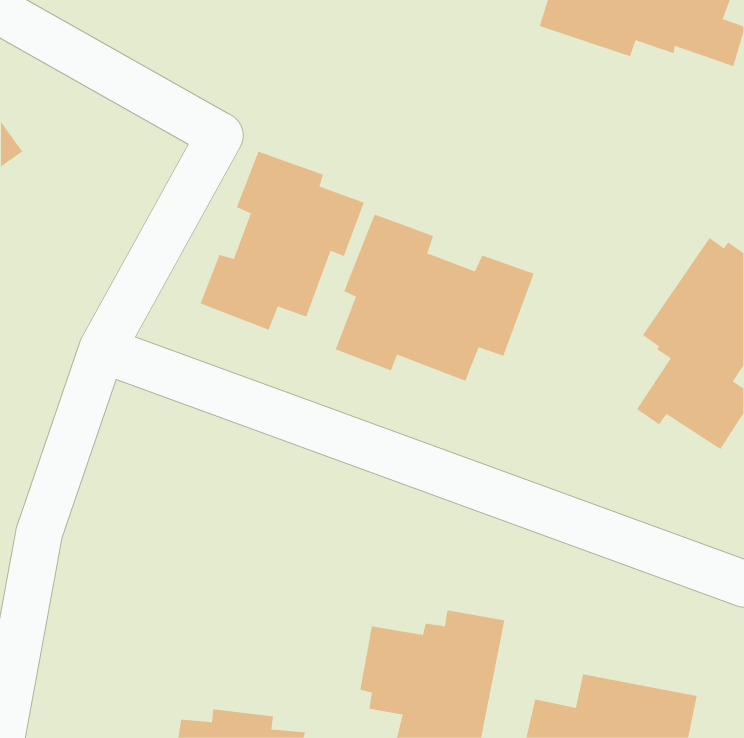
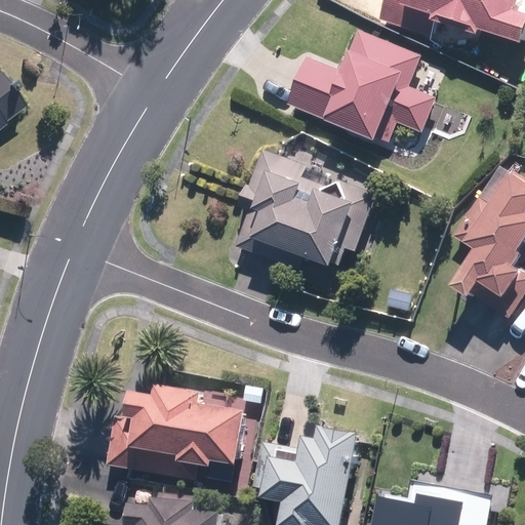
building: none -> [288,30,436,139]
building: [200,151,364,331] -> none
building: none -> [107,388,240,479]

